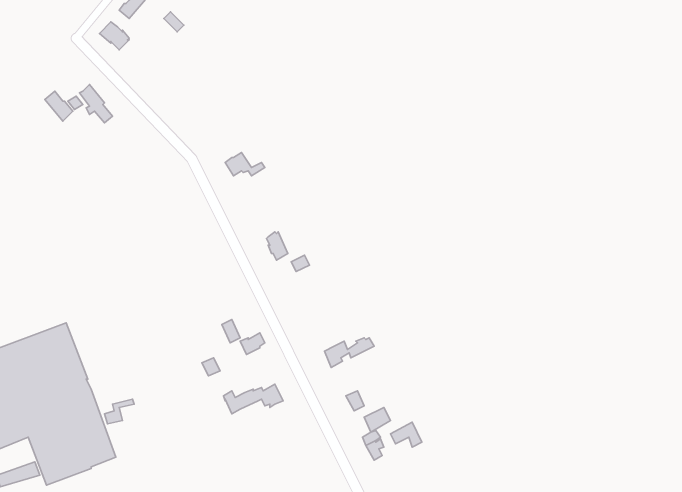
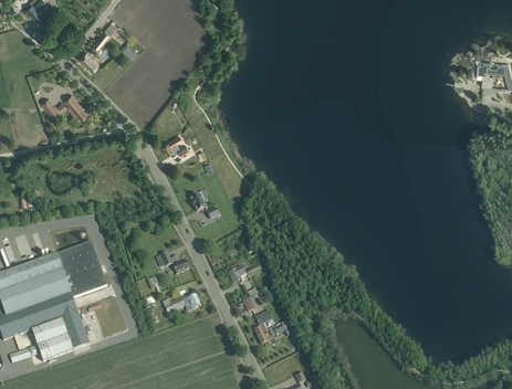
building: none -> [55,241,106,297]

